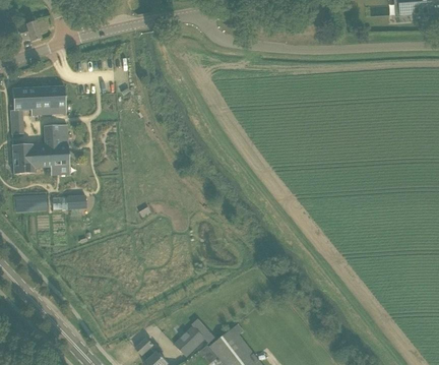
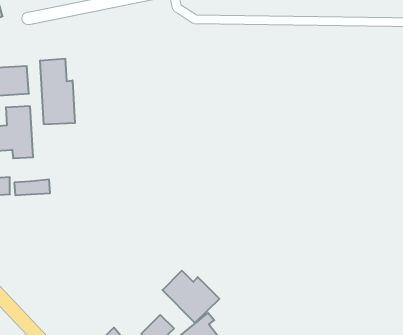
building: none -> [40,59,75,124]
building: none -> [162,271,219,323]

